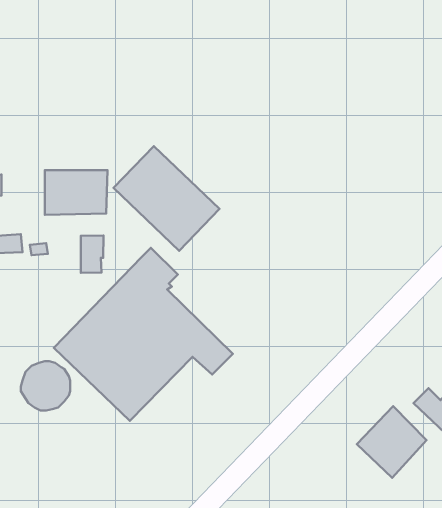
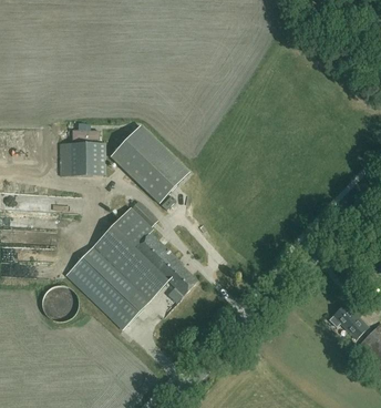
building: [81,235,103,273] -> none
building: [357,406,427,478] -> none

